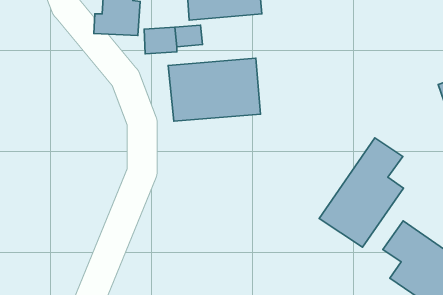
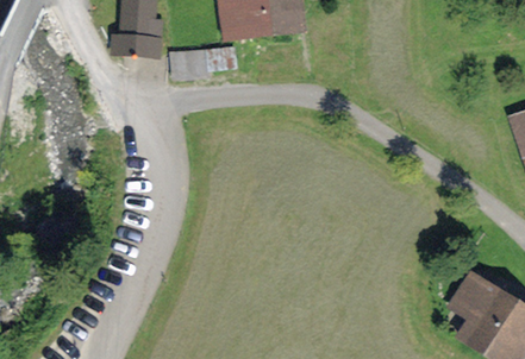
building: [168,58,260,121] -> none
building: [319,138,404,247] -> none

